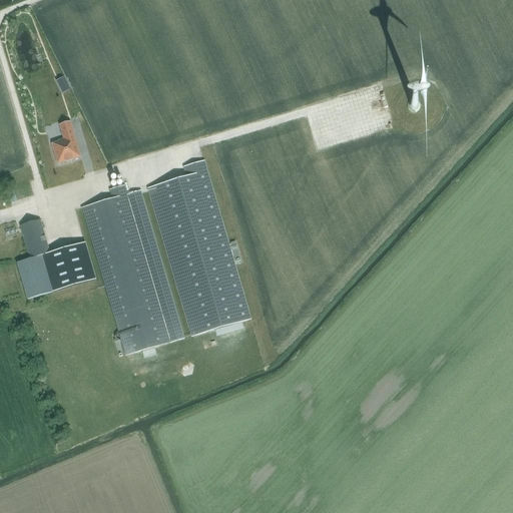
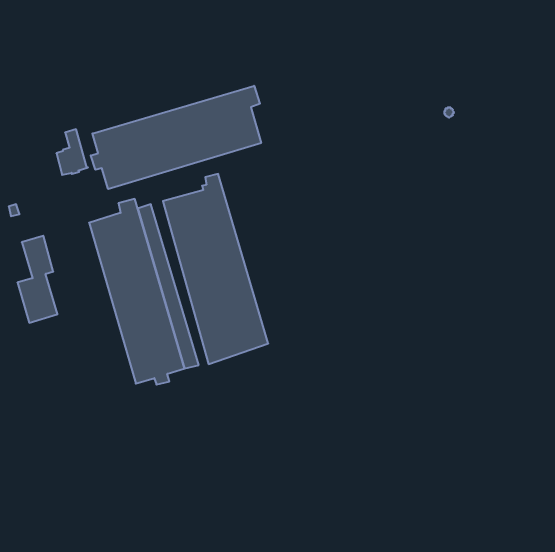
building: none -> [91,86,261,189]
building: [42,240,95,290] -> none

